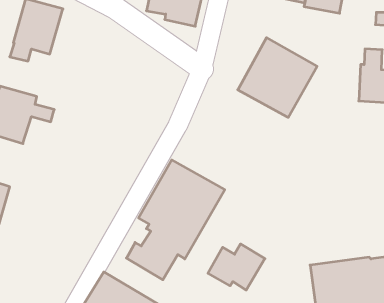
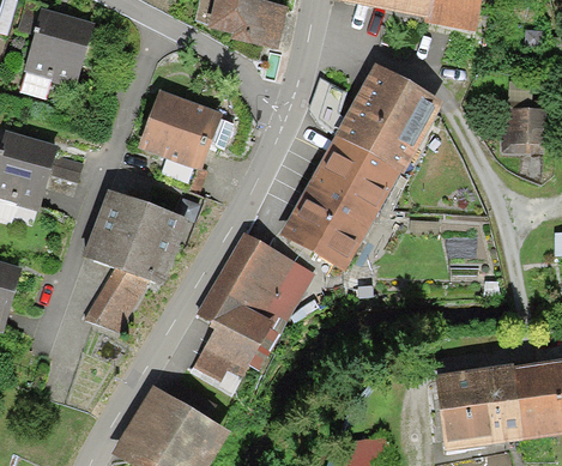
building: none -> [139,89,222,189]
building: none -> [279,134,401,270]
building: none -> [83,189,201,331]
building: [208,244,265,290] -> none

